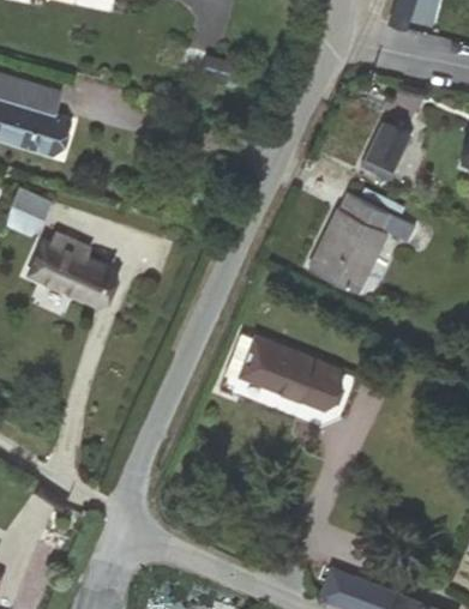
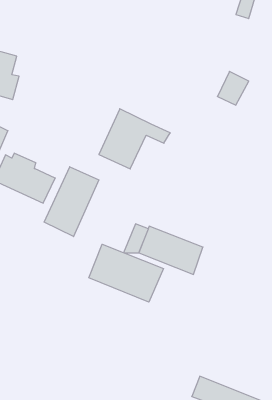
building: [312,192,419,282] -> [99,109,170,169]
building: none -> [44,167,99,237]
building: none -> [89,244,163,302]

